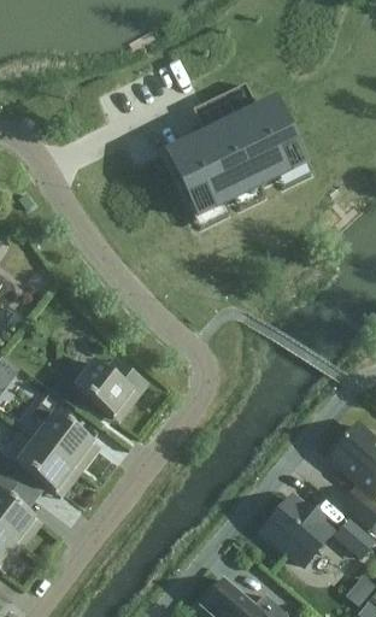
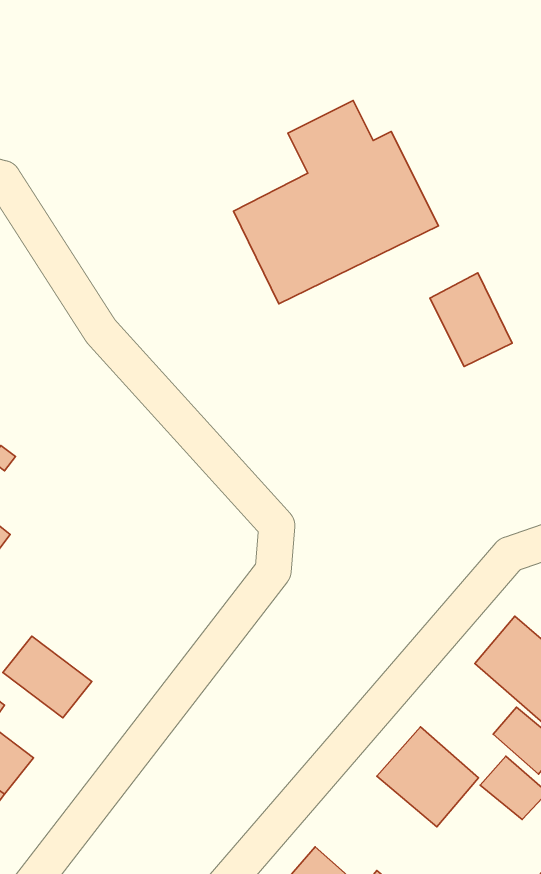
building: none -> [430,273,512,367]
building: [51,359,140,416] -> none
building: [33,401,93,466] -> none

